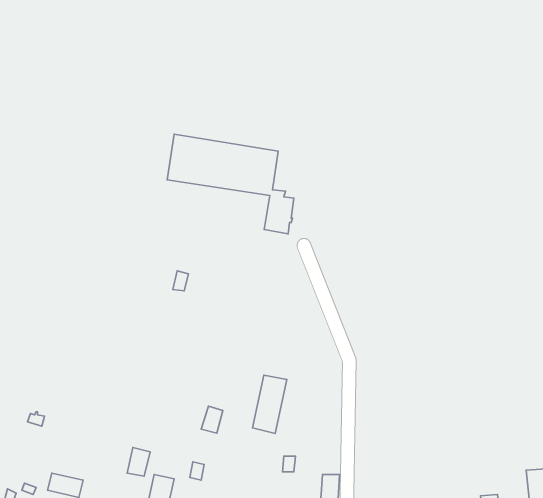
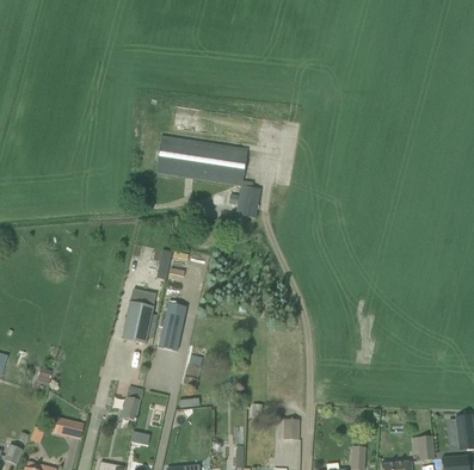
building: none -> [122,291,156,342]
building: [253,375,287,434] -> [158,302,186,351]

